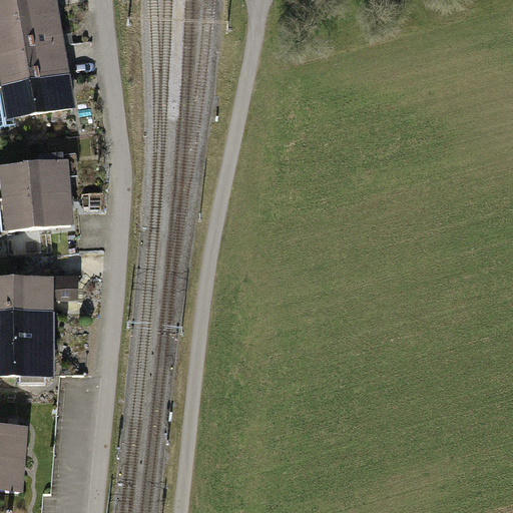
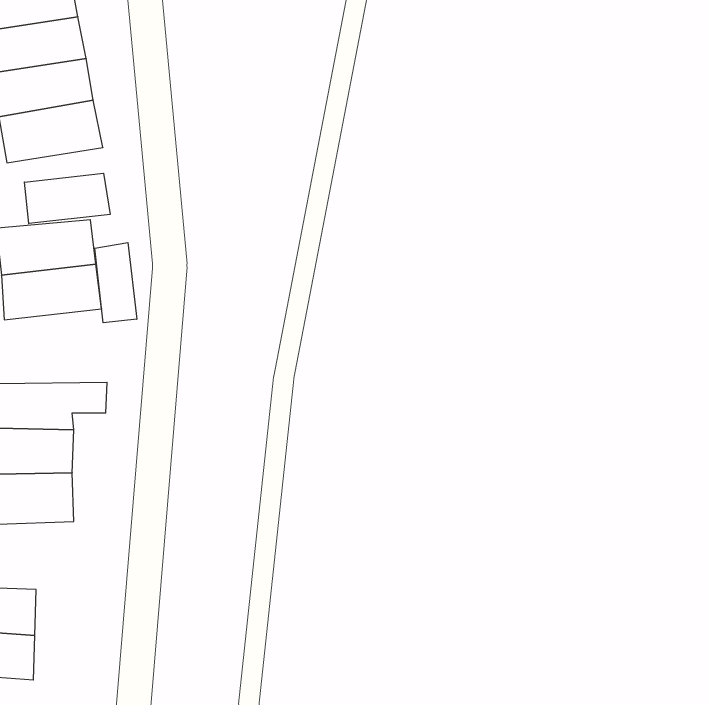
building: none -> [24,173,110,224]
building: none -> [95,243,137,323]

